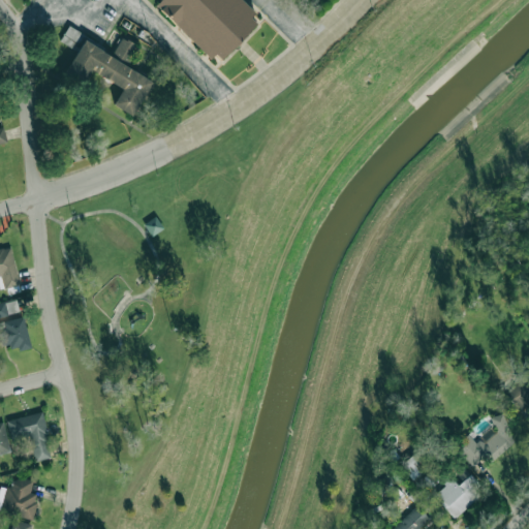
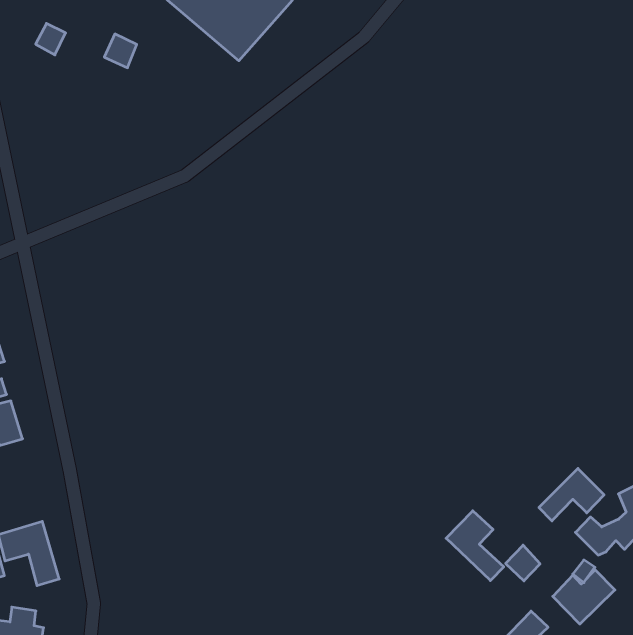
building: [65,40,153,116] -> none
building: none -> [539,468,604,521]
building: none -> [446,511,504,581]

